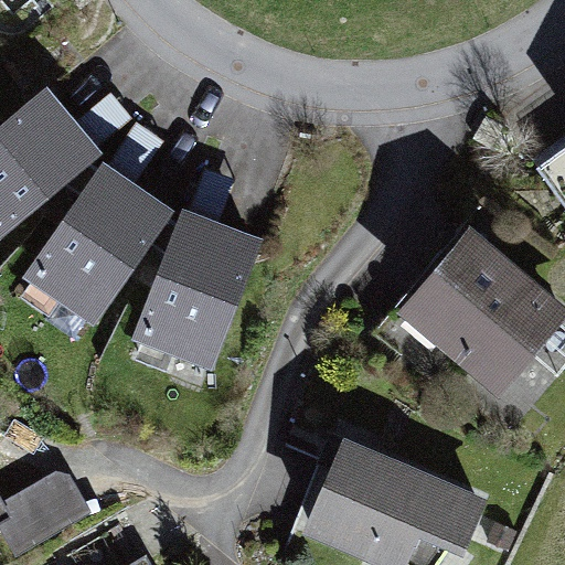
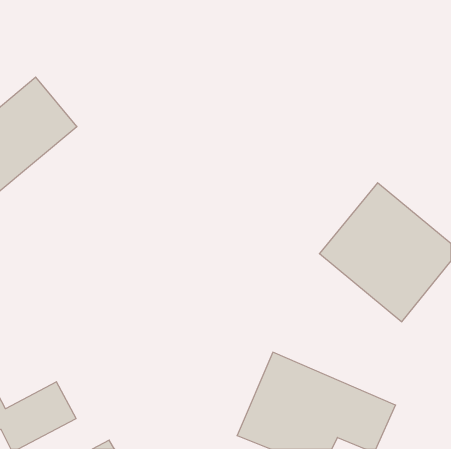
building: [26,167,169,323] -> none
building: [139,212,262,367] -> none

